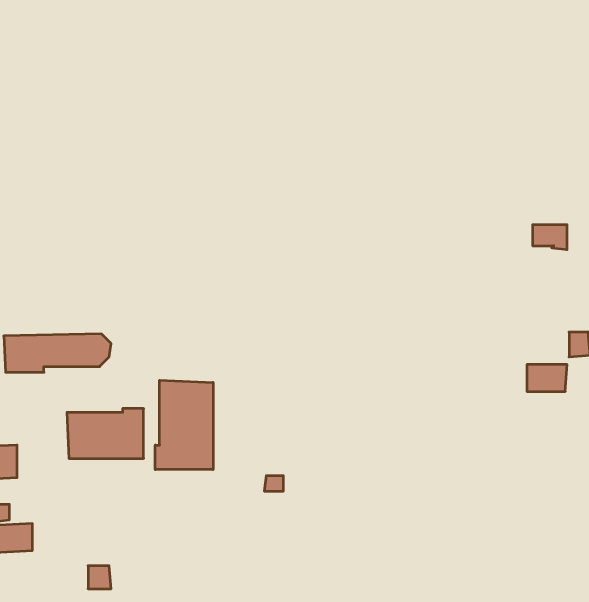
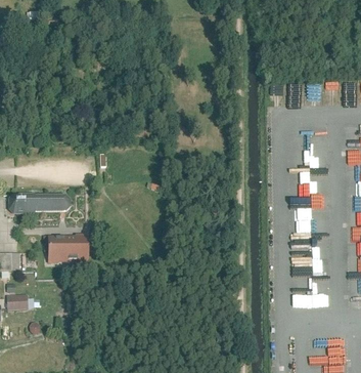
building: [155,380,213,470] -> none

